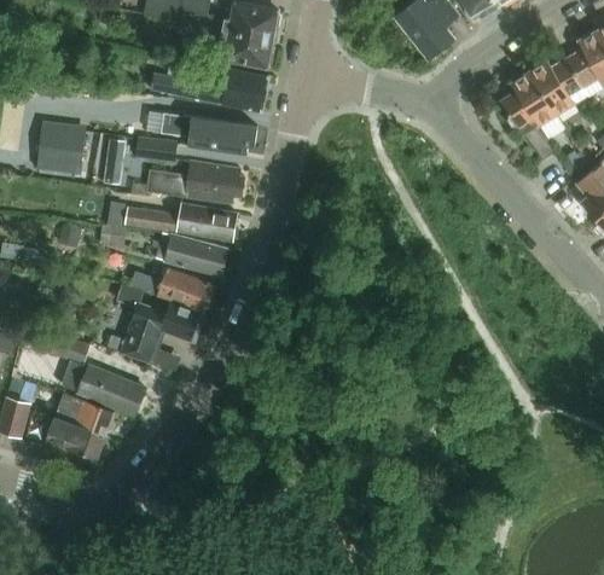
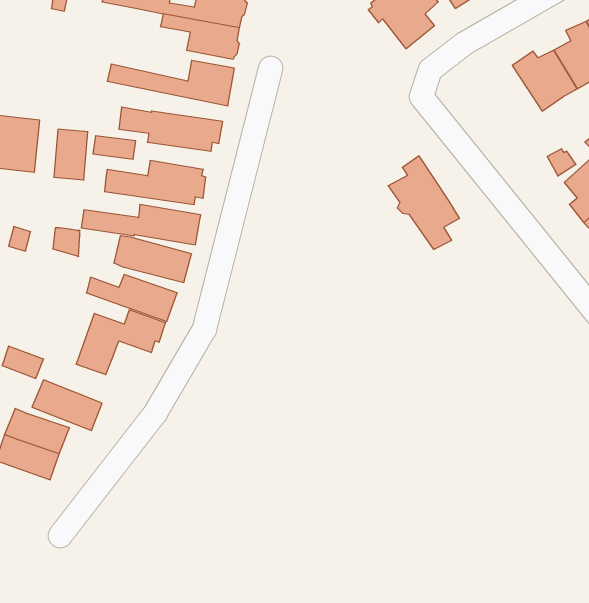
building: [498,74,564,161] -> [388,156,460,249]

